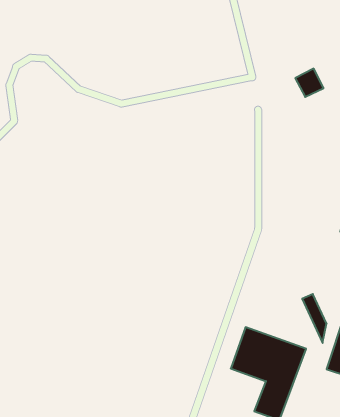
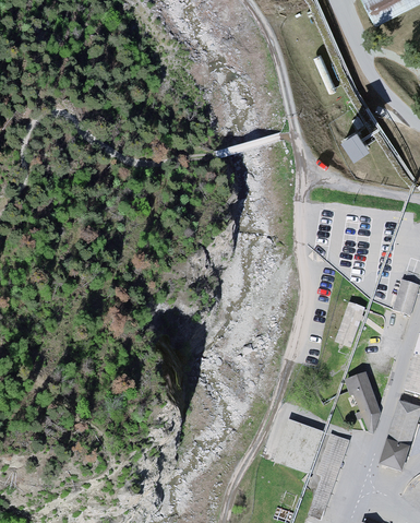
building: none -> [335,301,367,347]

